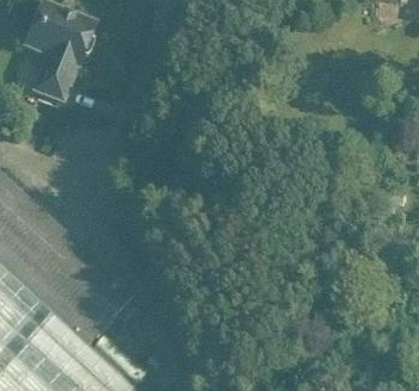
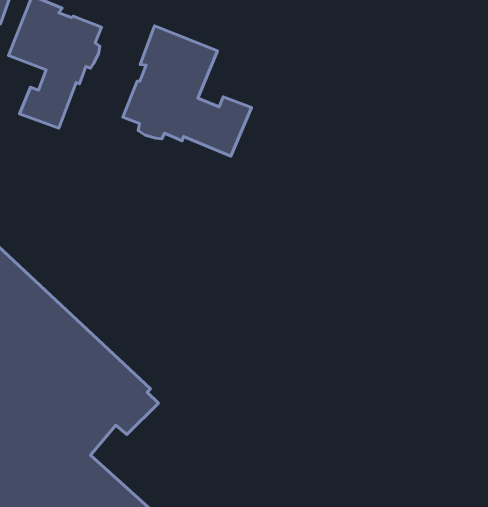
building: none -> [123,26,252,156]

